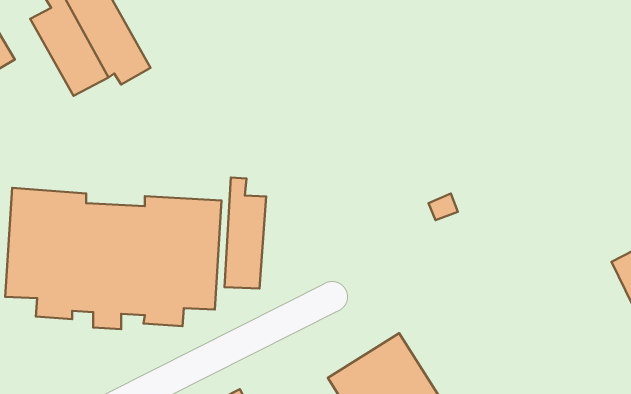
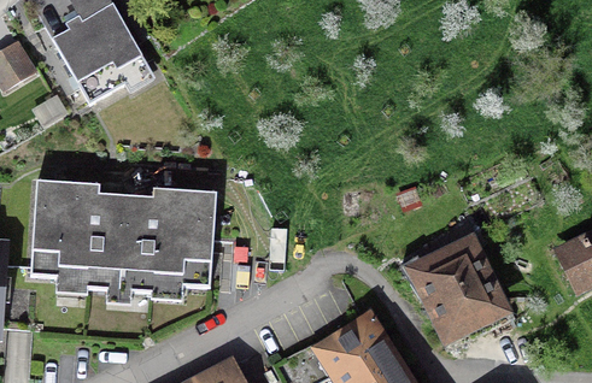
building: [224,177,266,288] -> none
building: none -> [404,232,512,348]

